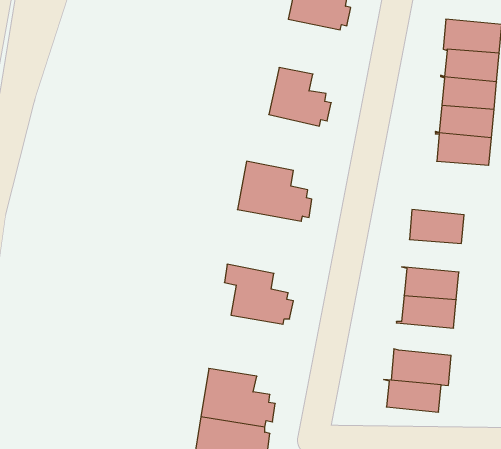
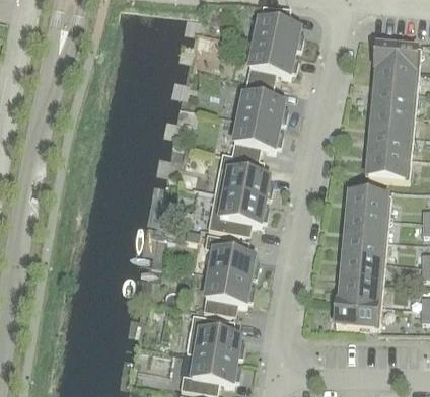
building: none -> [247,43,298,85]
building: none -> [222,116,283,160]
building: none -> [368,153,411,179]
building: none -> [208,190,269,235]
building: none -> [343,214,389,239]
building: none -> [204,272,255,315]
building: [384,380,441,412] -> [339,279,383,304]

